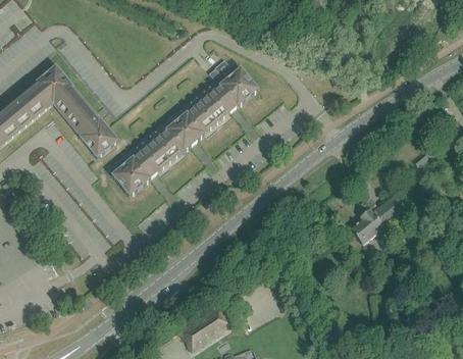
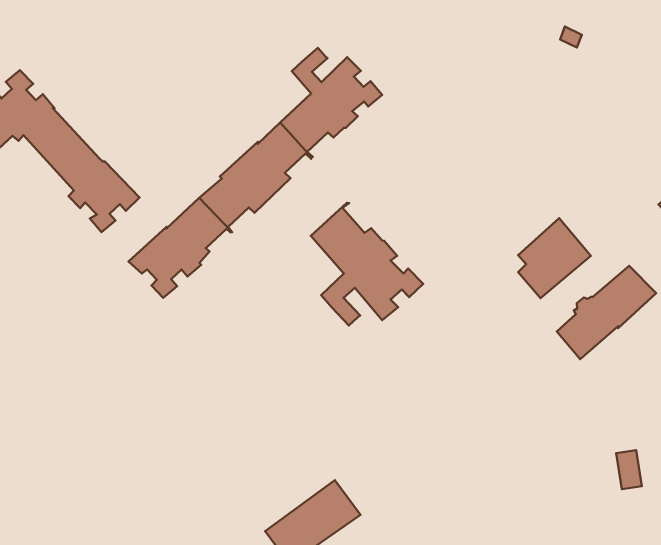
building: none -> [311,203,423,325]
building: none -> [518,218,591,298]

